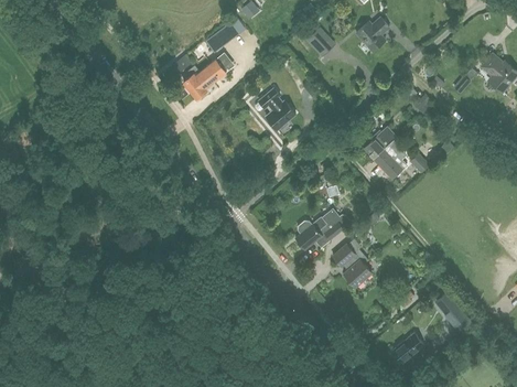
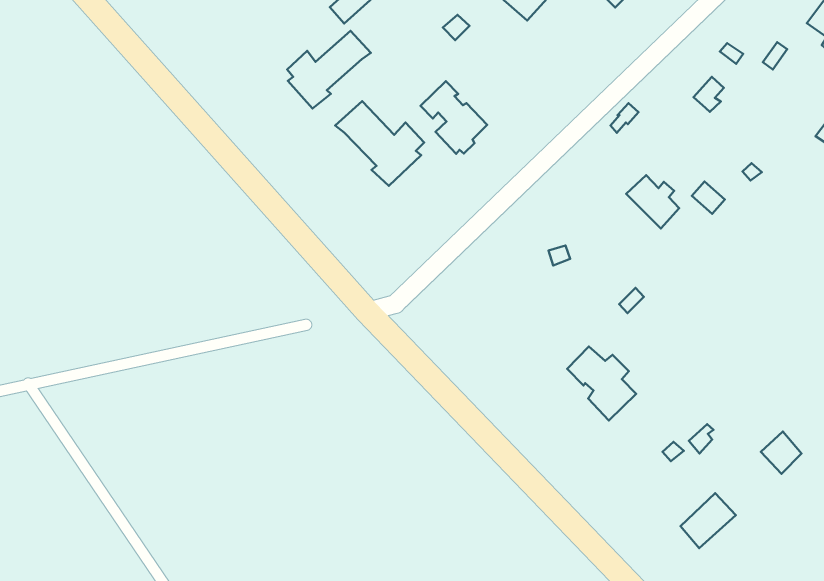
building: none -> [335,101,424,186]
building: [364,126,397,158] -> none
building: [295,215,344,249] -> none

